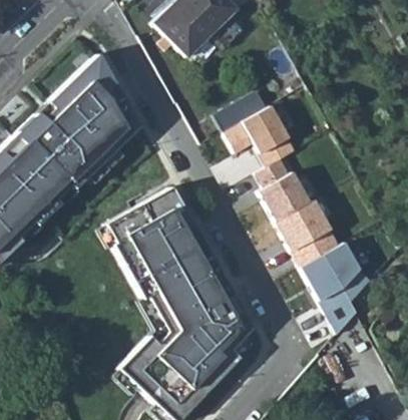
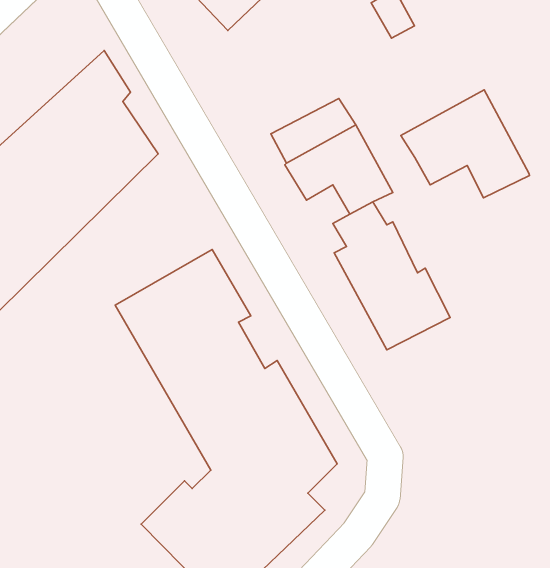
building: none -> [401,90,529,198]
building: [302,240,373,333] -> none

